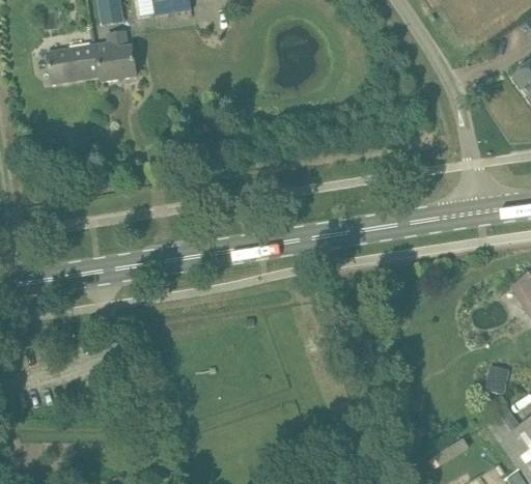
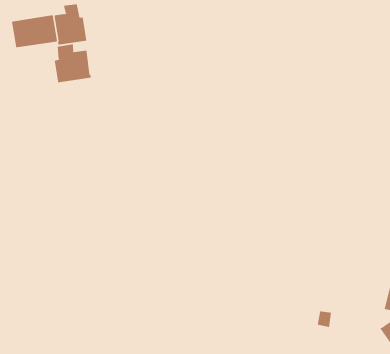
building: none -> [54,44,91,83]

